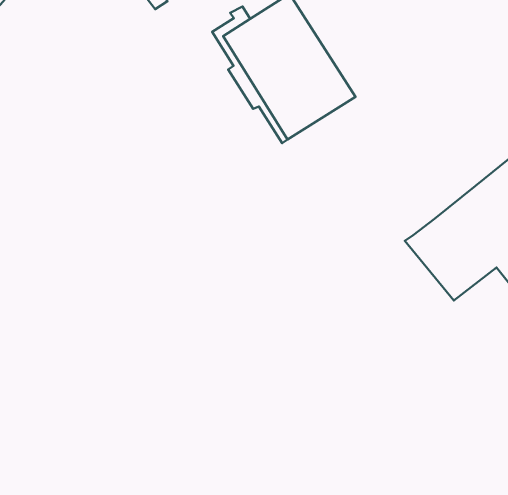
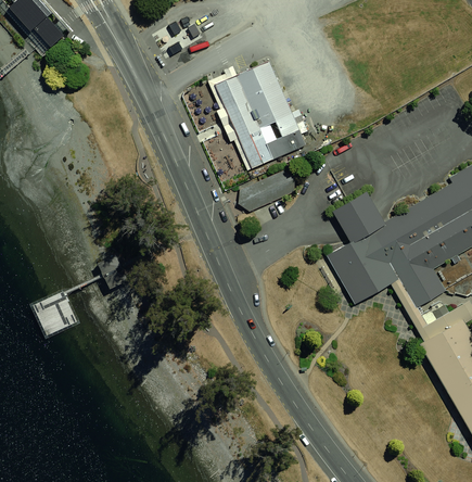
building: none -> [238,170,295,212]
building: none -> [333,192,384,242]

